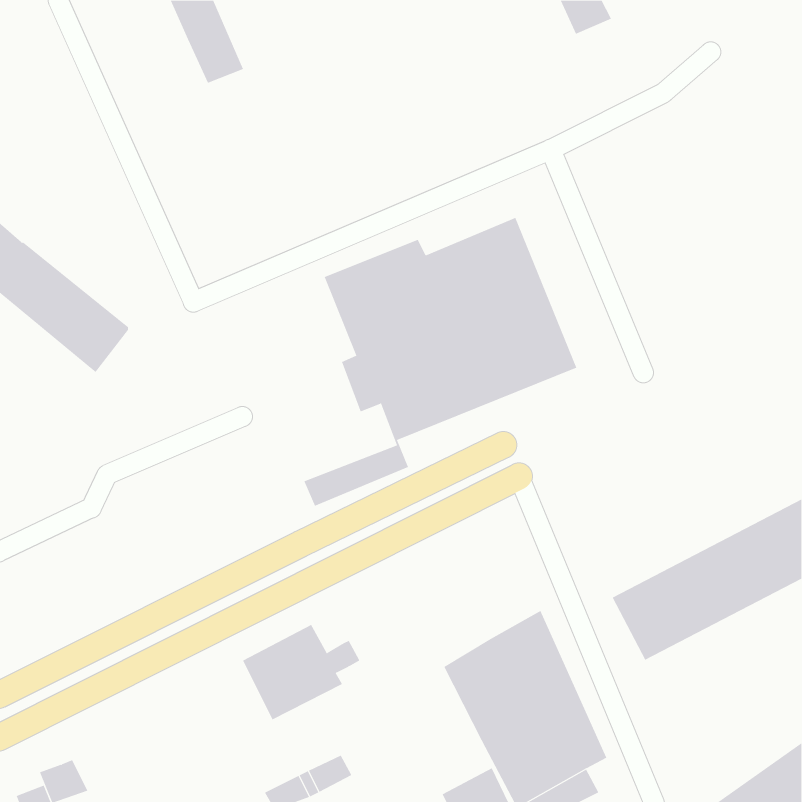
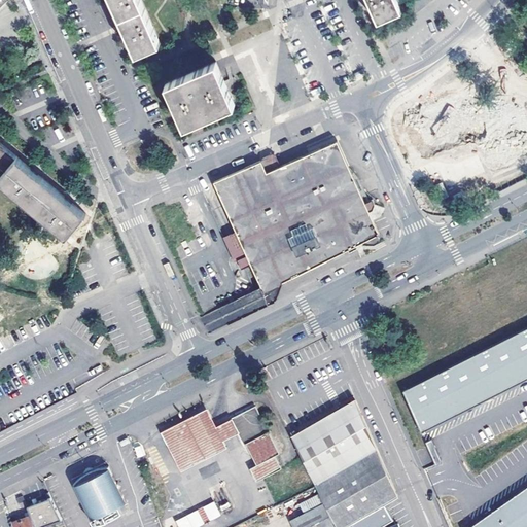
building: none -> [165,65,233,130]
building: none -> [229,408,279,483]
building: none -> [70,467,122,520]

